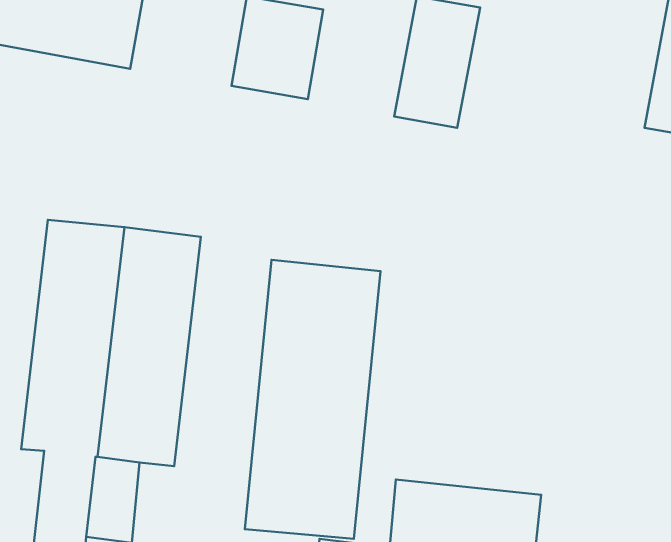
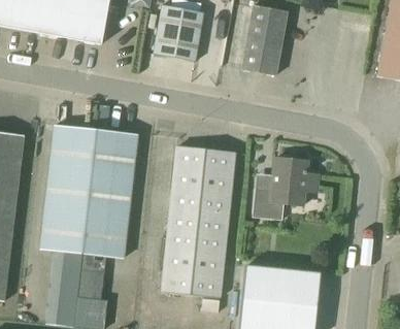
building: none -> [253,158,319,219]

